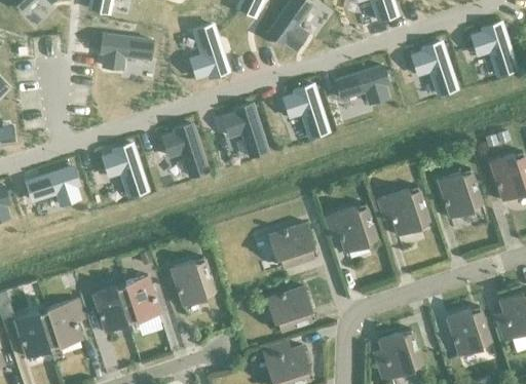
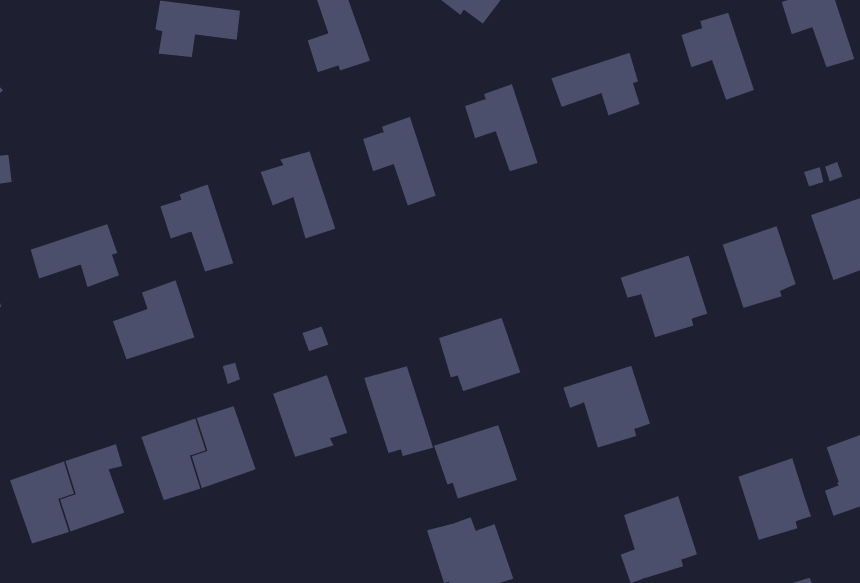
building: none -> [112,280,195,360]
building: [324,203,376,253] -> [563,365,651,448]
building: none -> [363,365,434,457]

